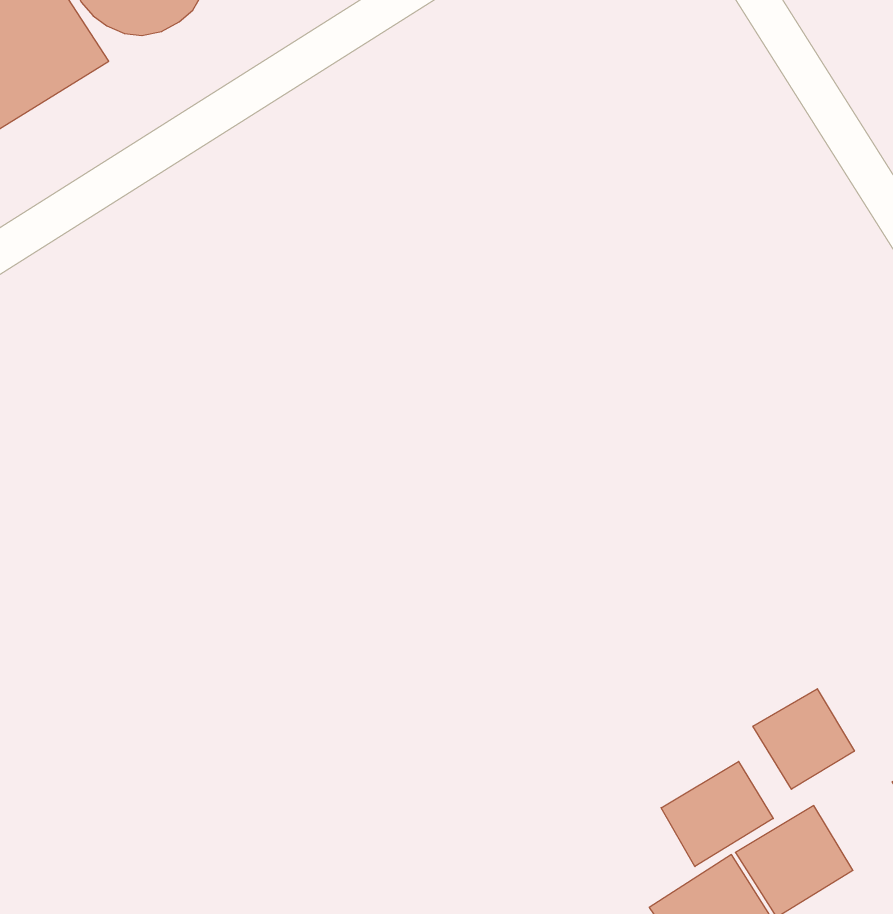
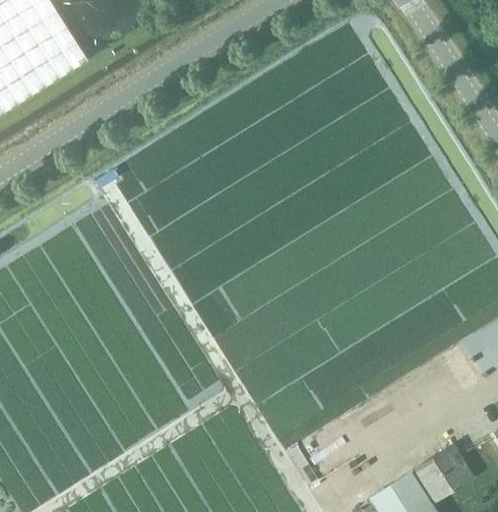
building: [753,689,854,789] -> none
building: [661,761,773,867] -> none

